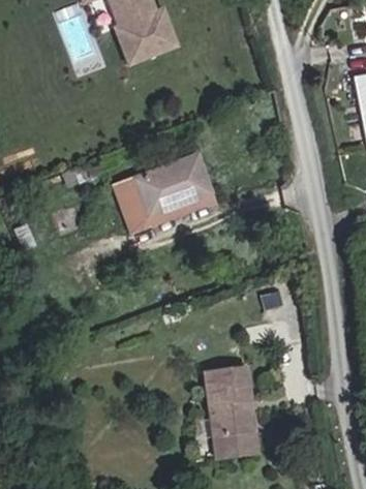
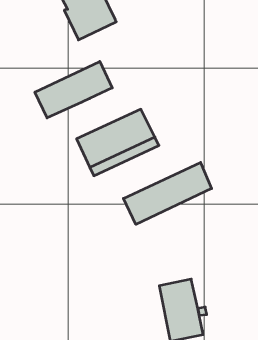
building: none -> [35,61,112,118]
building: none -> [123,162,212,224]

